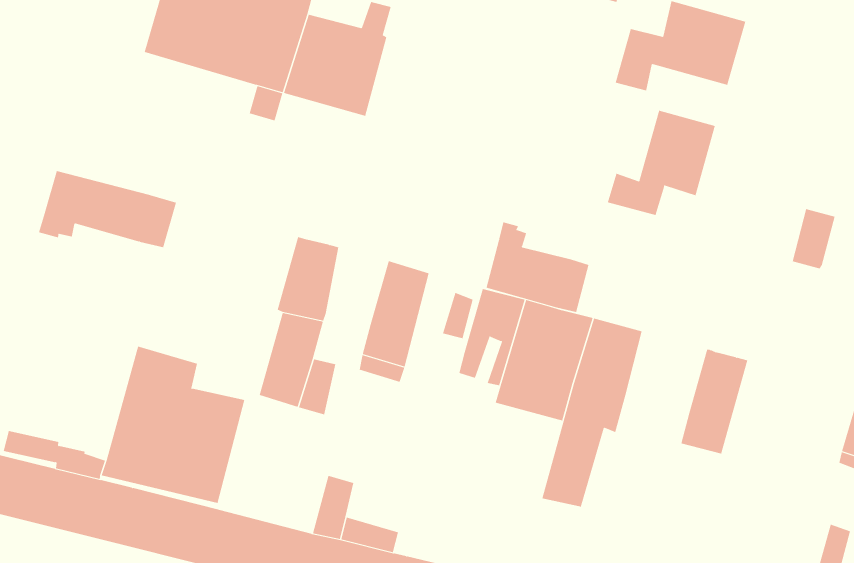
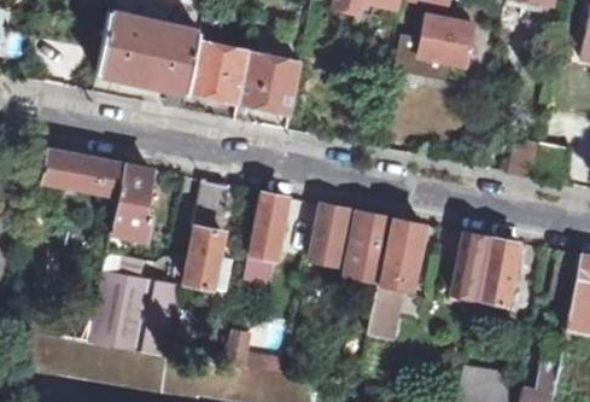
building: none -> [240,52,303,115]
building: [607,110,716,216] -> none
building: none -> [112,165,152,240]
building: [486,222,589,313] -> none
building: none -> [479,238,520,303]

